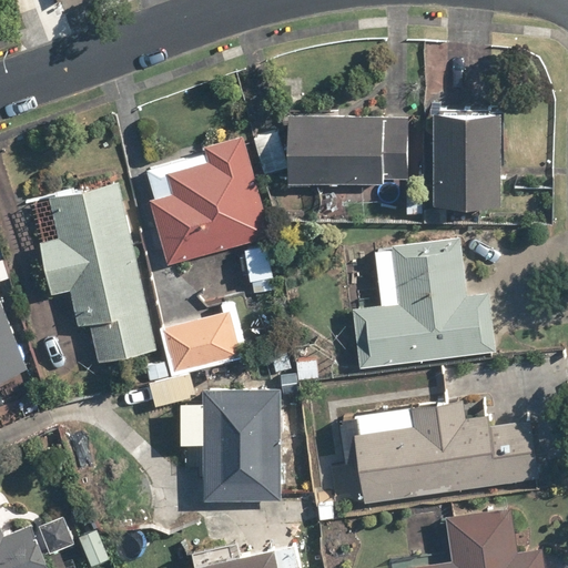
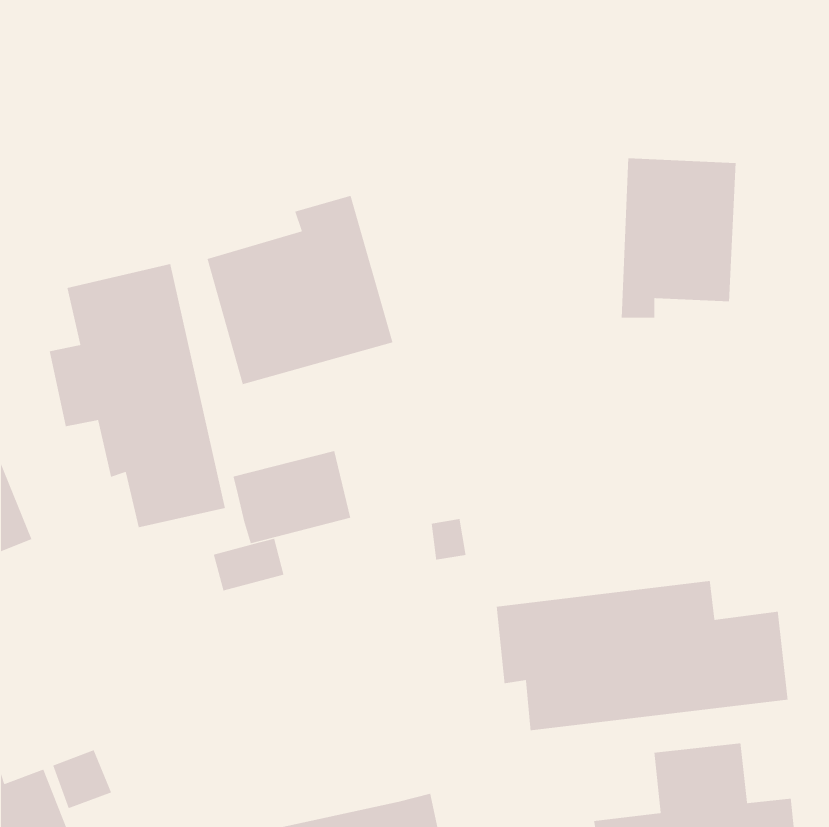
building: [253,114,408,186] -> none
building: [351,237,496,369] -> none
building: [176,387,281,503] -> none

